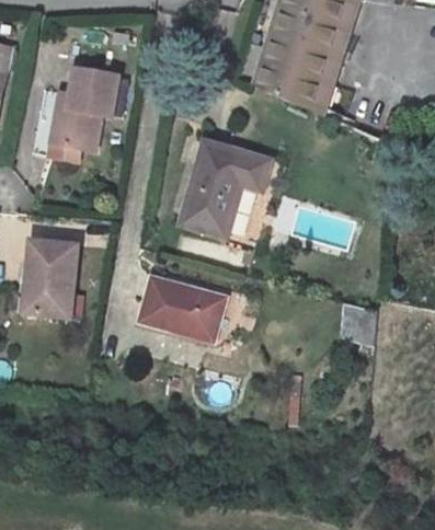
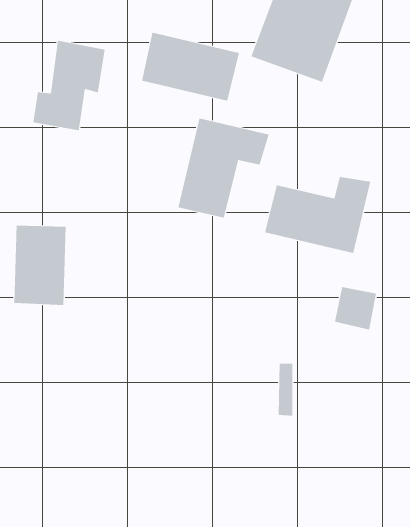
building: none -> [141,32,239,101]
building: none -> [265,176,371,254]
building: [148,281,231,338] -> none

